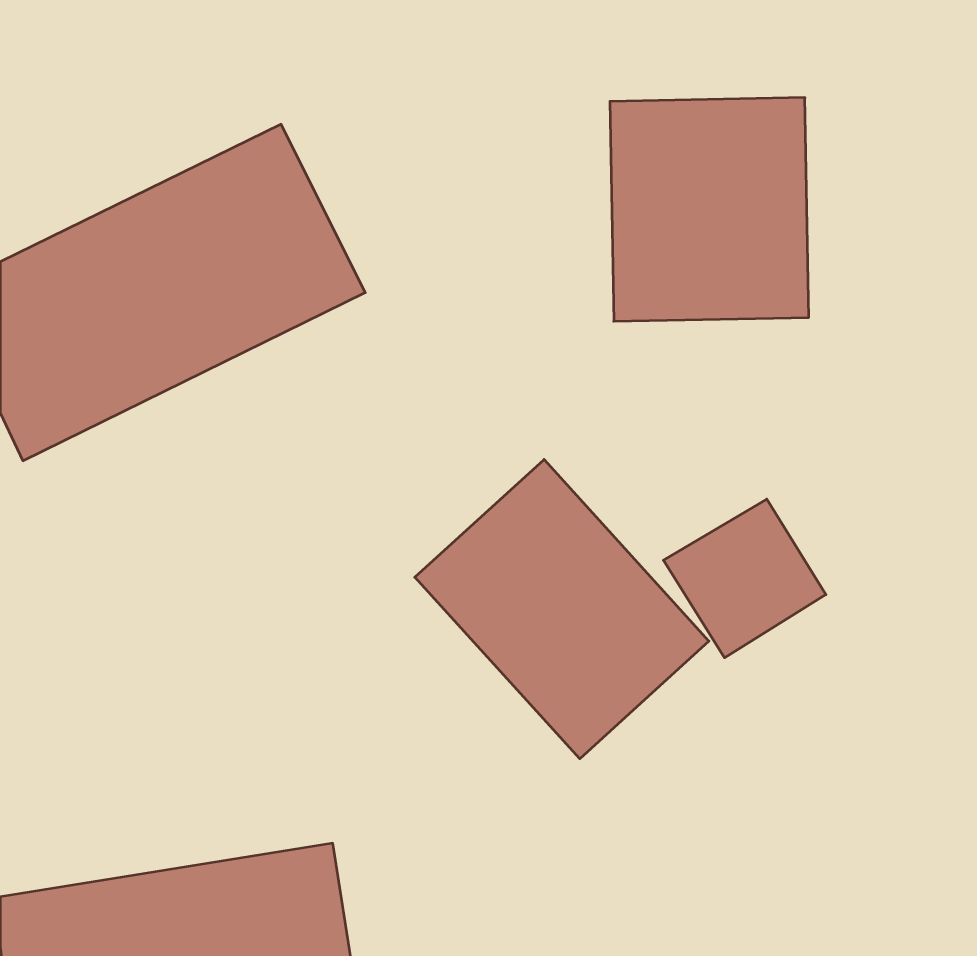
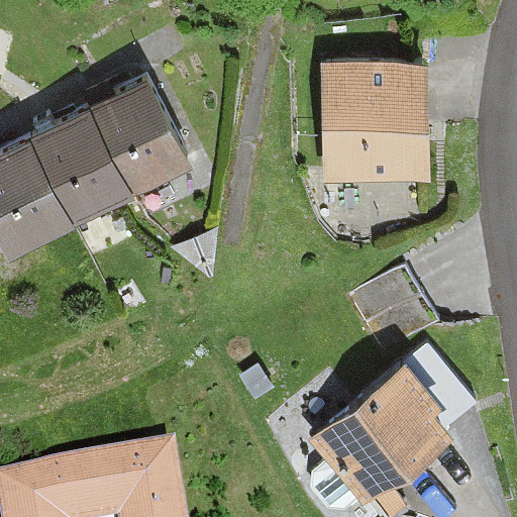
building: [415,459,709,759] -> none
building: none -> [310,351,474,508]

